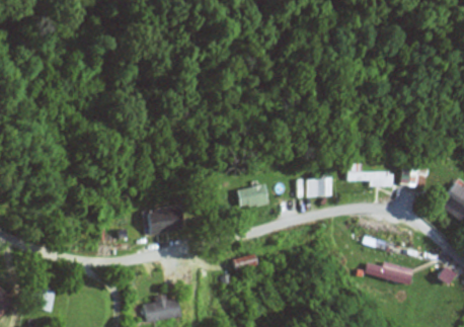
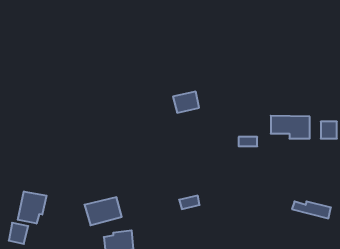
building: [235,183,266,209] -> [173,92,199,113]
building: [141,203,185,237] -> [84,197,122,225]
building: none -> [18,191,47,224]

